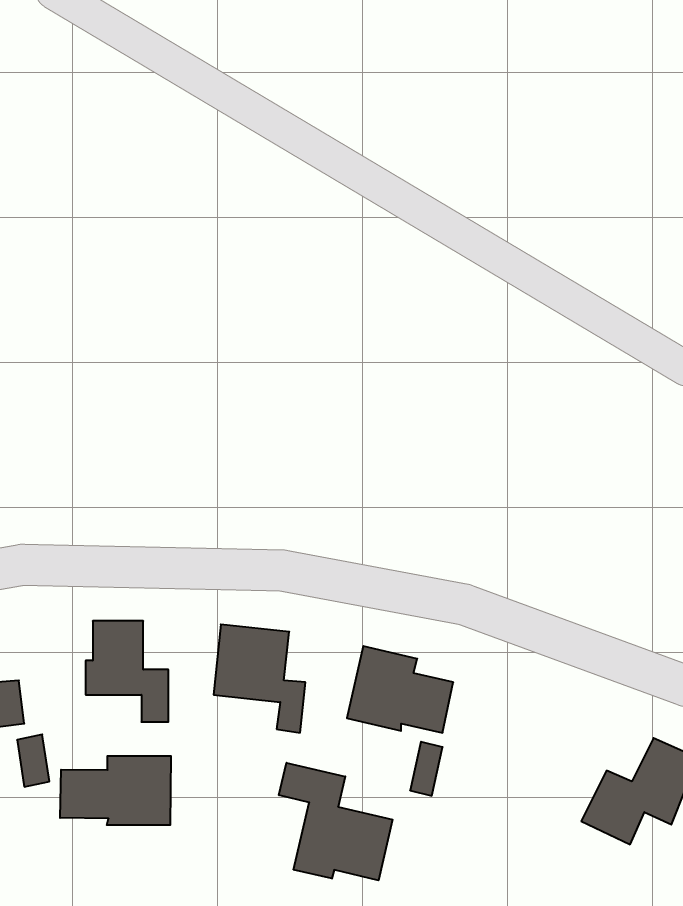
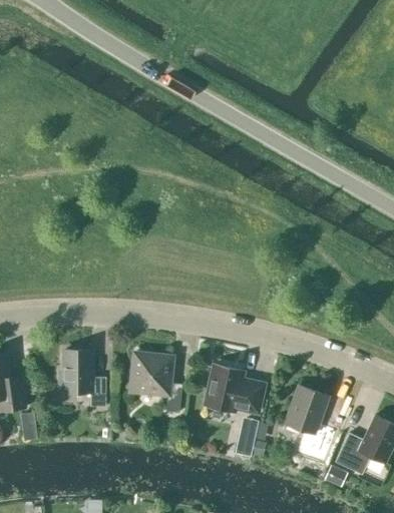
building: none -> [285,385,332,455]
building: [60,756,171,825] -> none
building: [279,763,393,880] -> none

